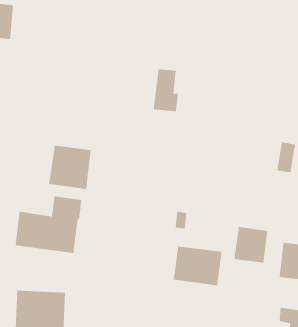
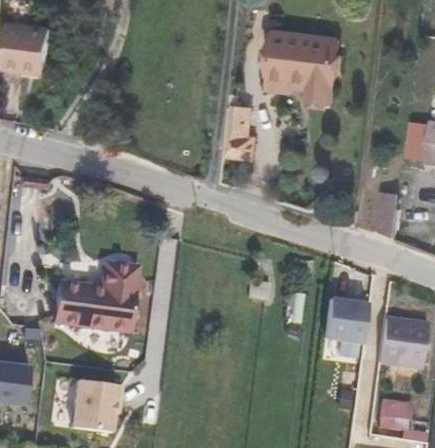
building: none -> [270,31,341,104]
building: [49,145,91,190] -> none
building: [173,246,222,286] -> none

